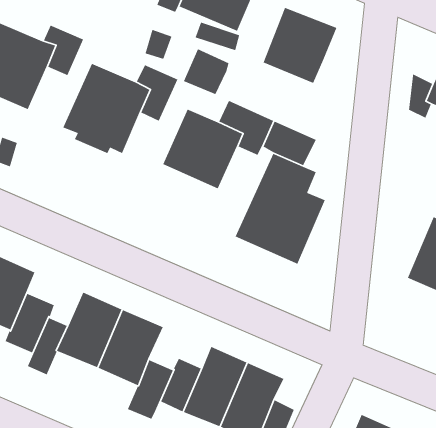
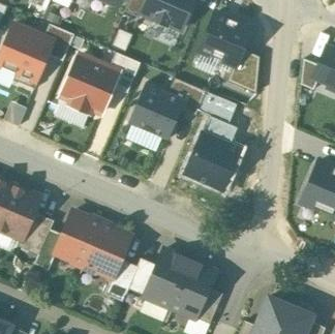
building: [183,48,230,95] -> none
building: none -> [227,49,258,92]

